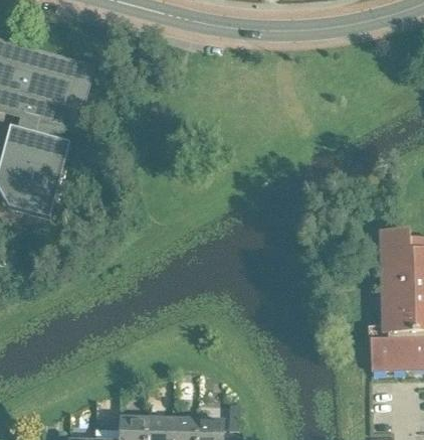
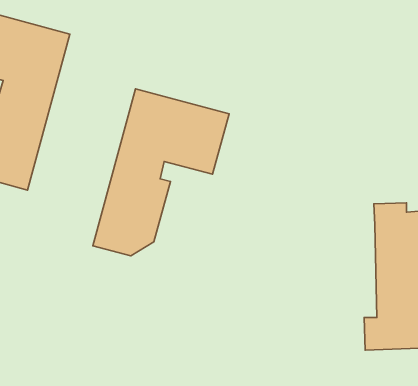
building: none -> [93,89,229,256]

